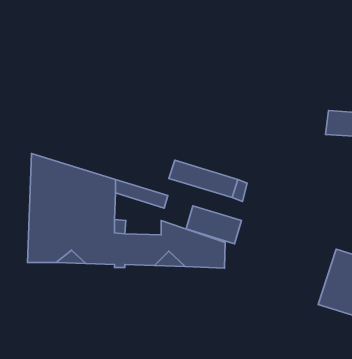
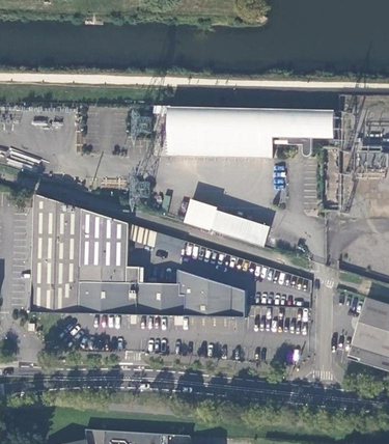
building: none -> [151,105,333,158]
building: [186,206,241,244] -> none

